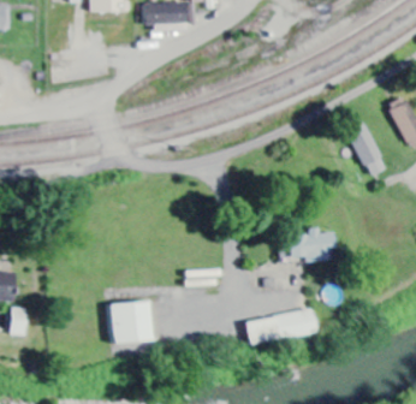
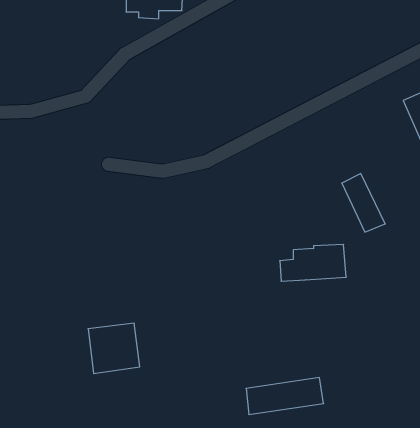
building: [349,124,387,176] -> [342,174,385,232]
building: [245,310,314,343] -> [246,378,324,414]

